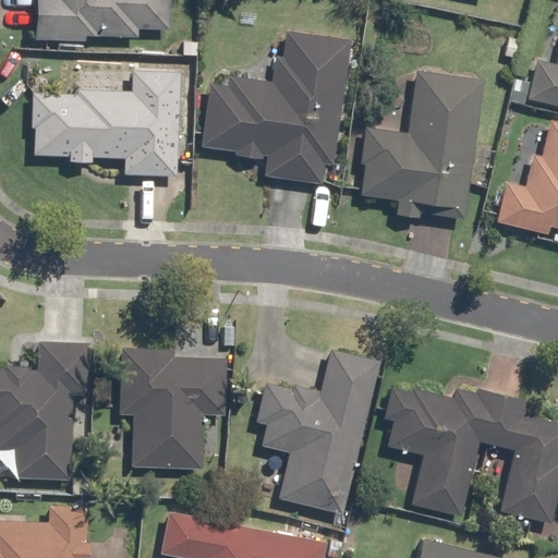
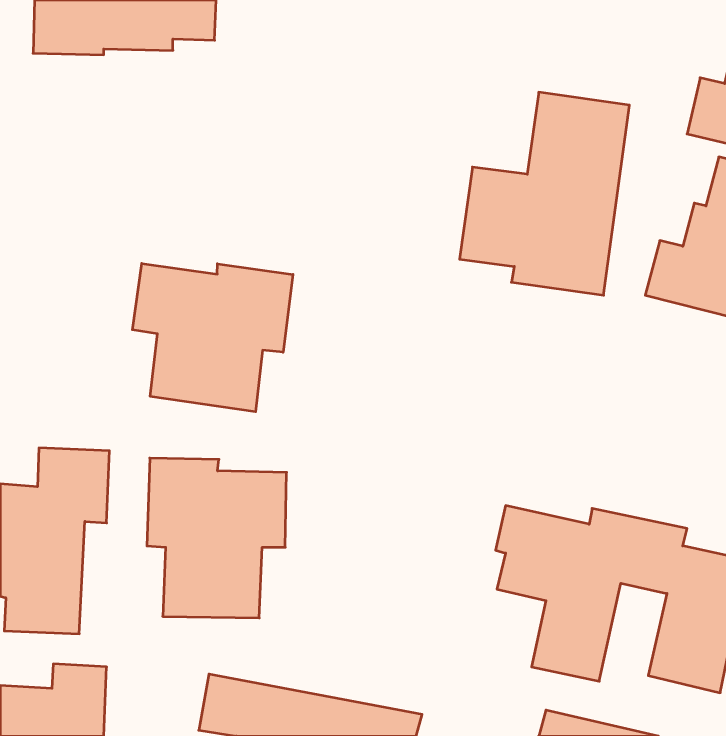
building: [199,29,352,185] -> none
building: [32,71,181,177] -> none
building: none -> [132,263,293,412]
building: [255,348,379,514] -> none

